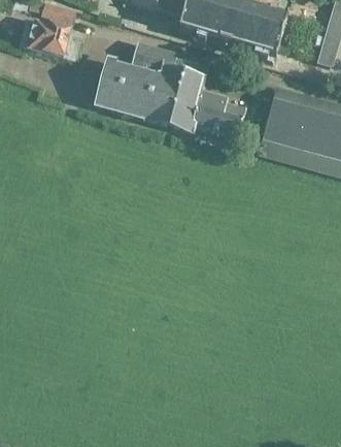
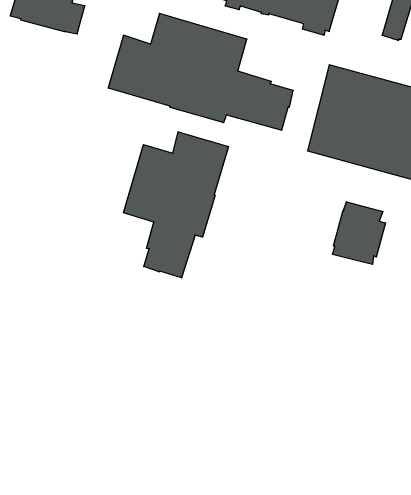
building: none -> [123,132,229,278]
building: none -> [333,202,386,264]

